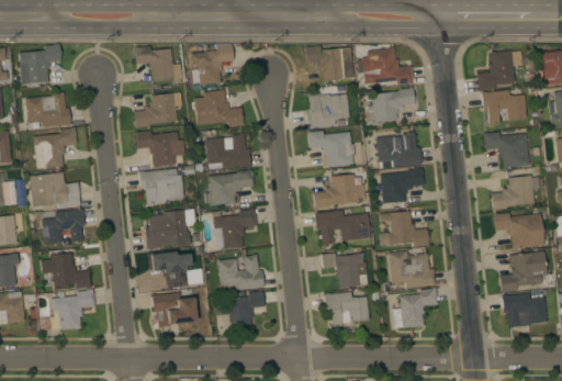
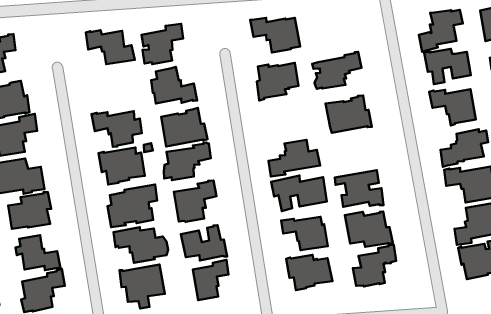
building: [357,47,413,85] -> none
building: [133,93,181,128] -> none
building: [307,131,355,167] -> none
building: [380,168,425,210] -> none

